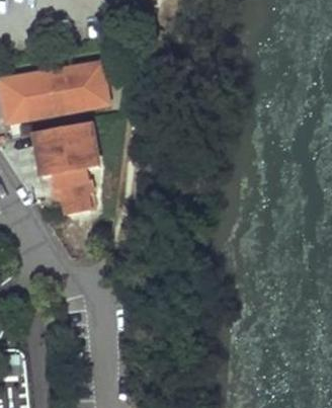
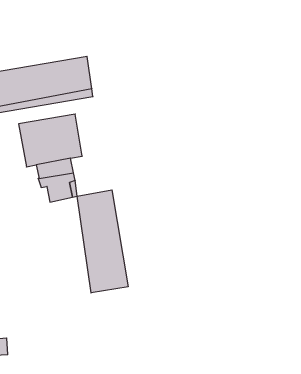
building: none -> [77,190,128,293]

